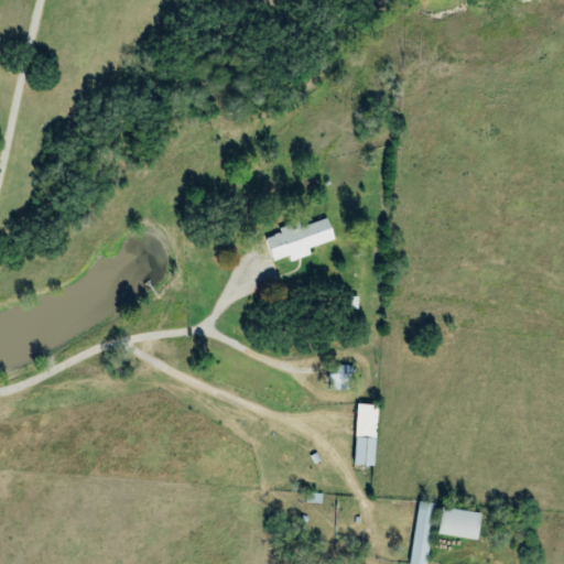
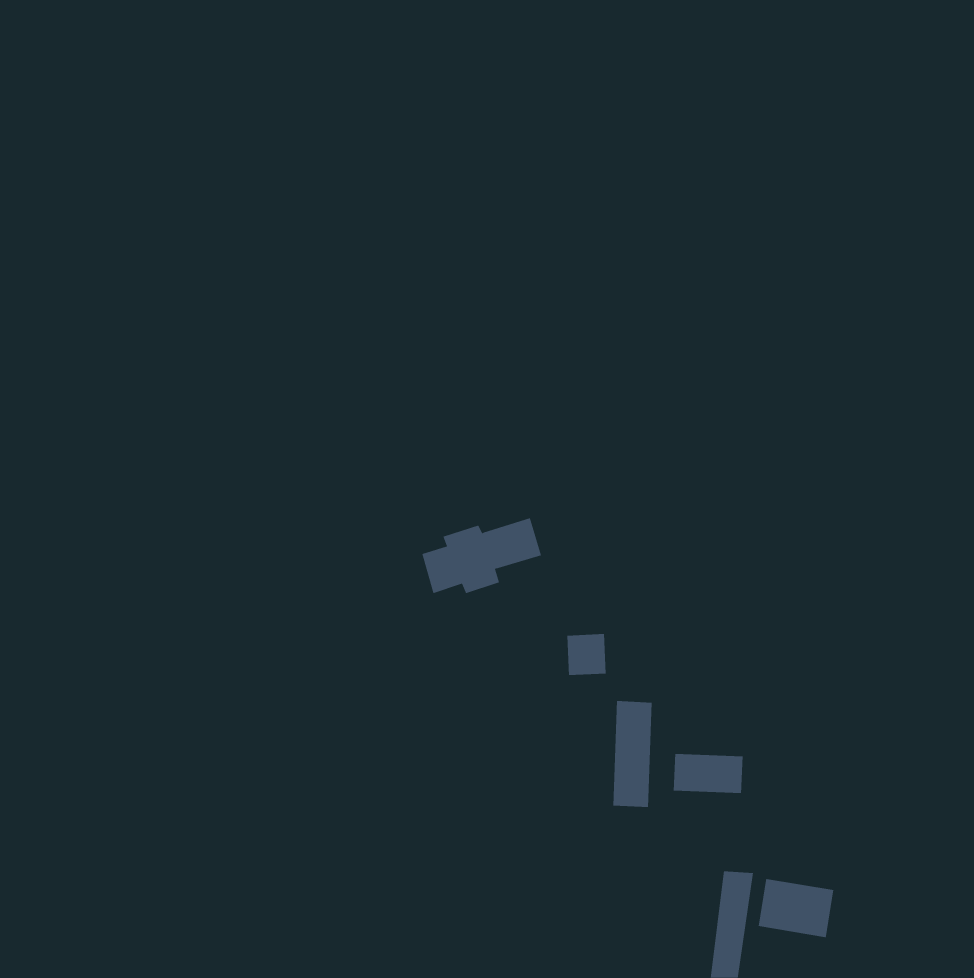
building: [267,217,336,261] -> [421,517,542,594]
building: none -> [673,753,743,794]

